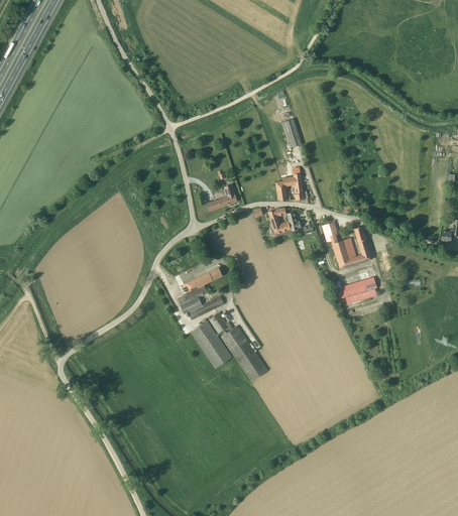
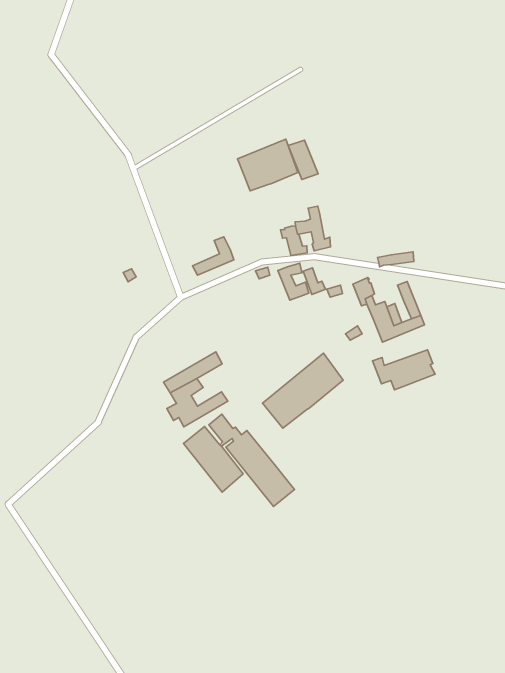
building: none -> [237,139,298,191]
building: none -> [263,353,343,428]

